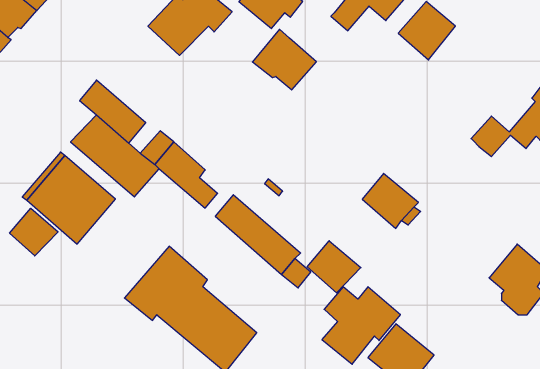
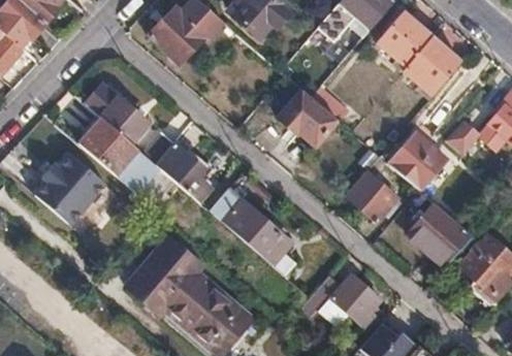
building: none -> [404,35,461,93]
building: [252,29,316,90] -> [278,88,337,143]
building: none -> [389,131,441,189]
building: none -> [407,201,473,266]
building: [10,208,58,256] -> none
building: [307,241,361,293] -> none

